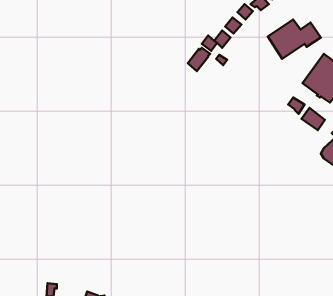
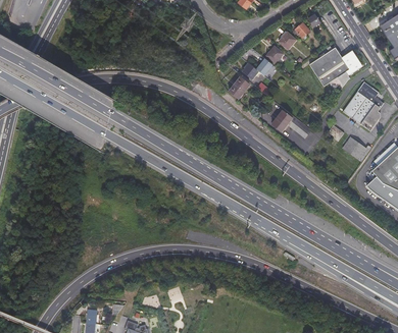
building: none -> [271,108,311,137]

